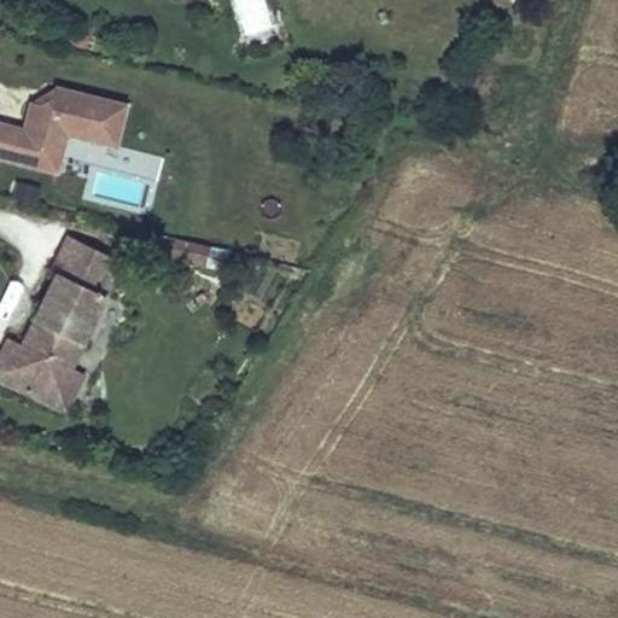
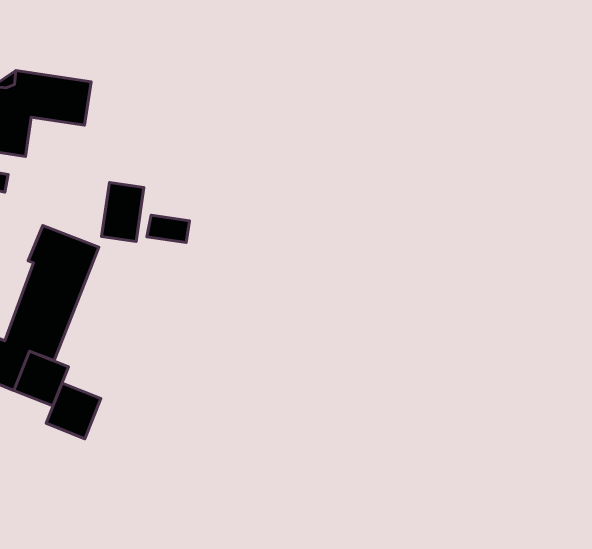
building: none -> [102,182,144,241]
building: none -> [46,383,101,439]

